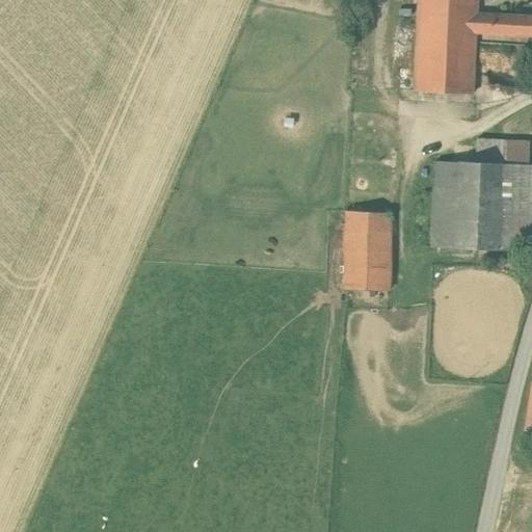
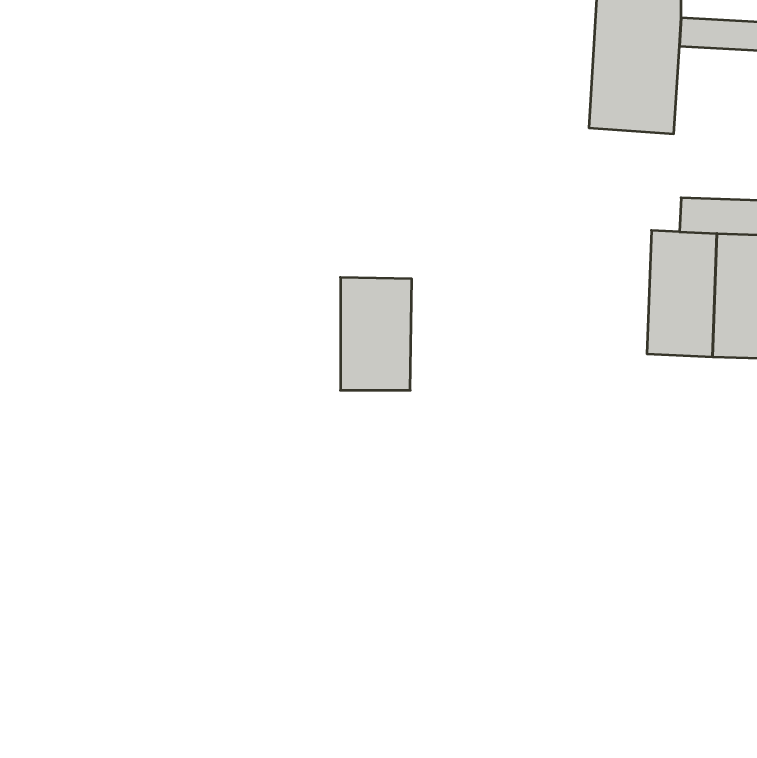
building: [433,160,457,247] -> none
building: [343,208,393,287] -> [340,277,412,390]

